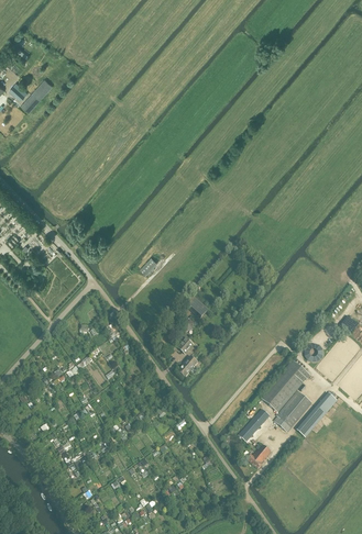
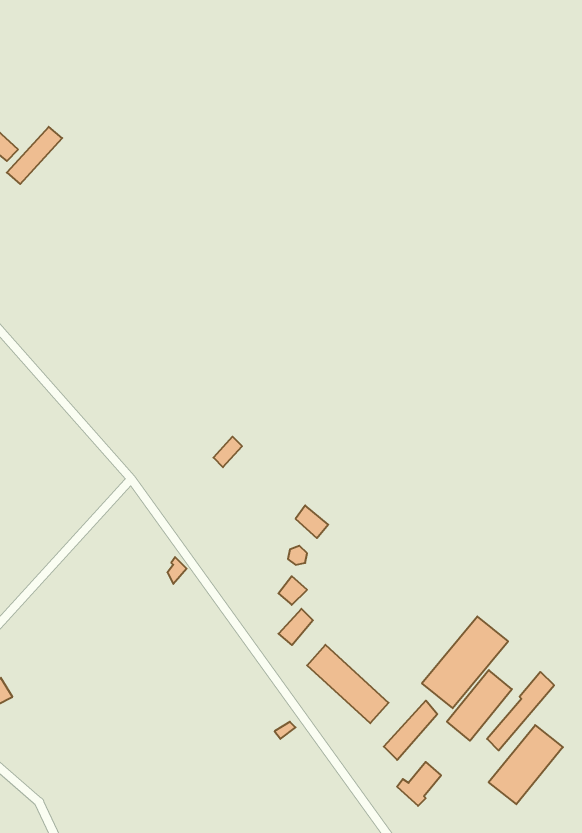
building: none -> [307,645,389,723]
building: none -> [489,725,563,804]

